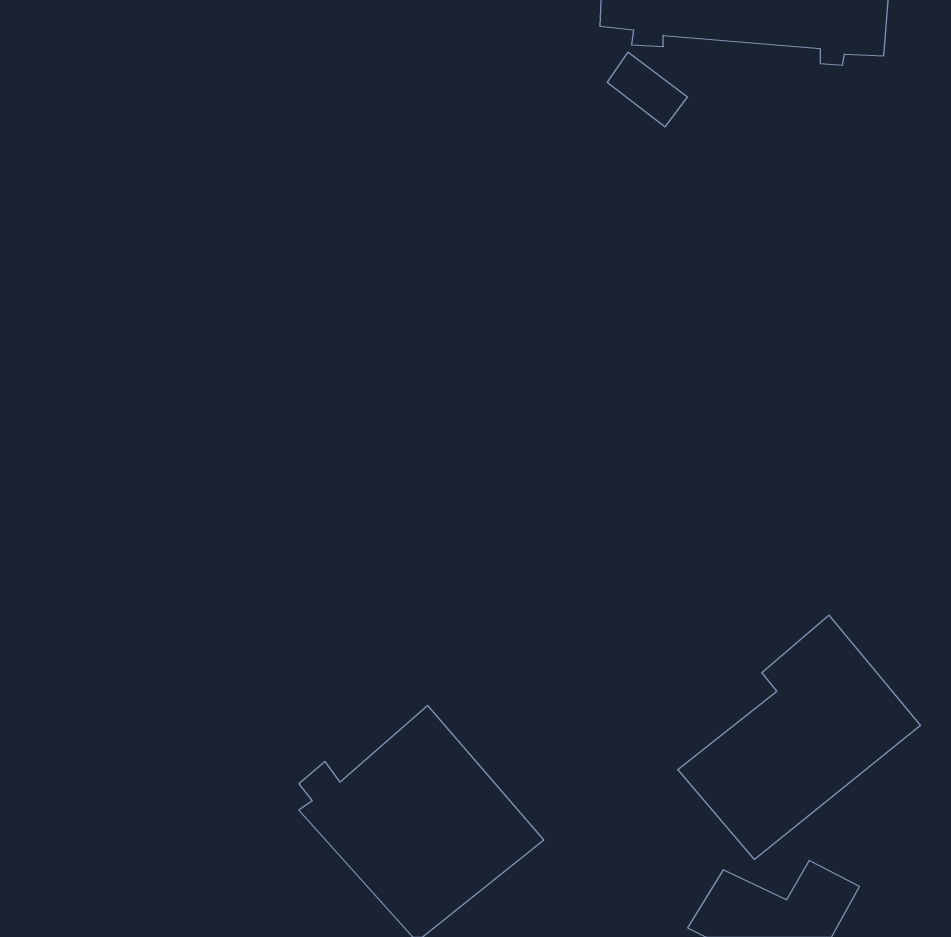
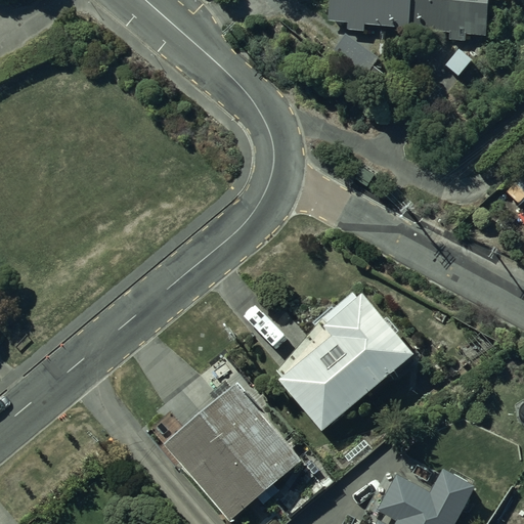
building: [678,615,921,860] -> [279,297,412,431]

